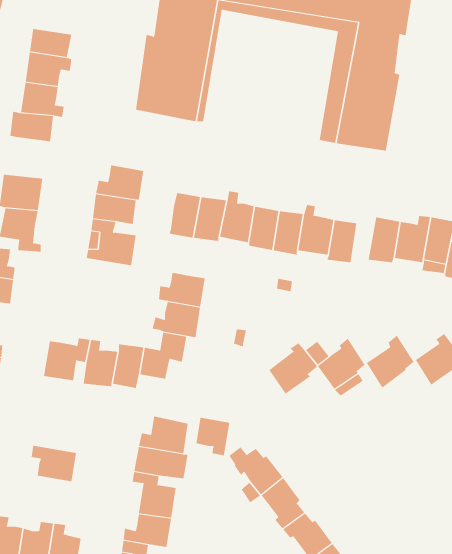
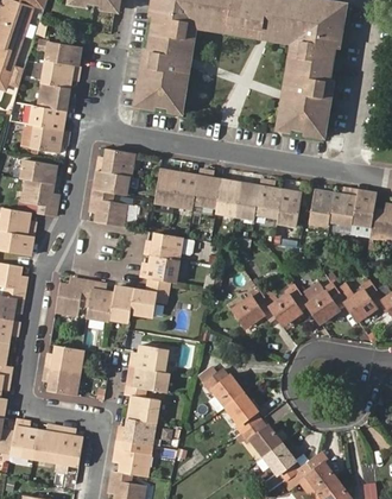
building: none -> [32,127,68,153]
building: [196,417,230,456] -> none
building: none -> [48,345,86,372]

